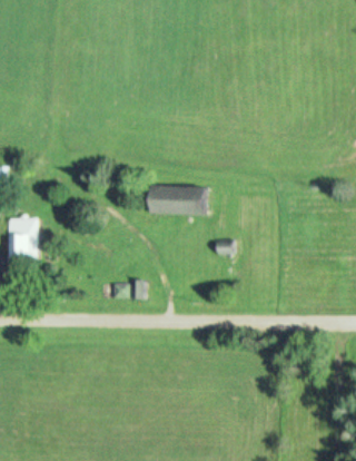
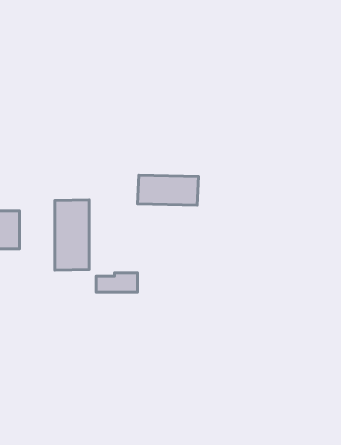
building: none -> [55,200,89,270]

